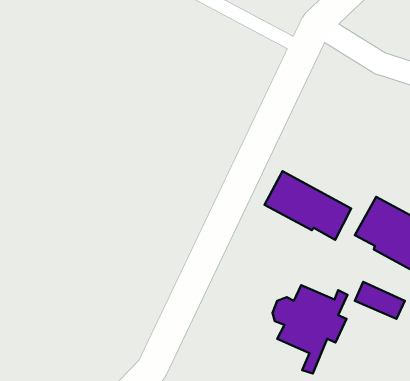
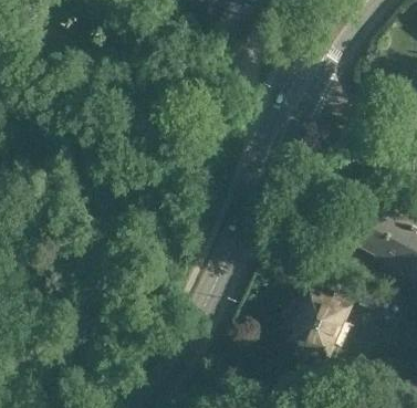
building: [265,171,351,240] -> none

